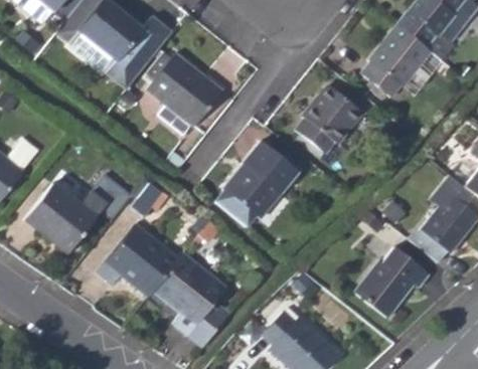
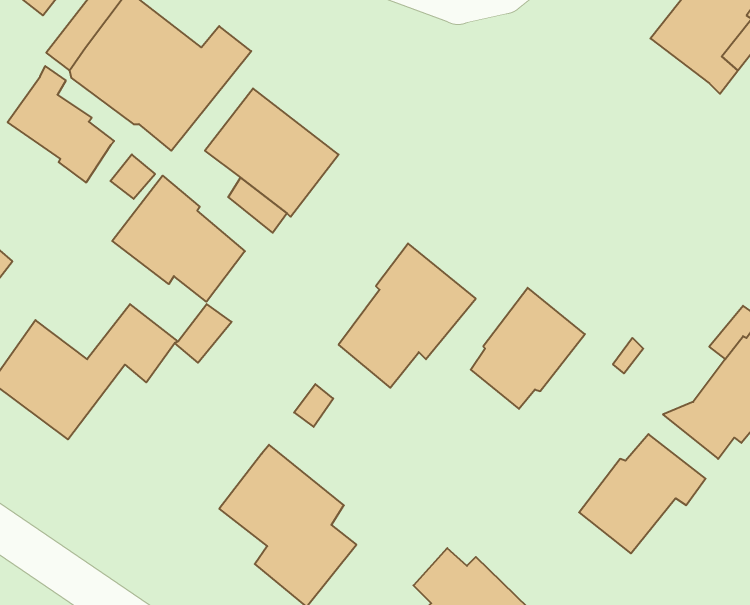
building: [363,24,431,97] -> none
building: none -> [8,66,114,183]
building: [297,84,361,153] -> [471,288,585,409]
building: none -> [112,176,245,302]
building: [98,226,178,295] -> none

